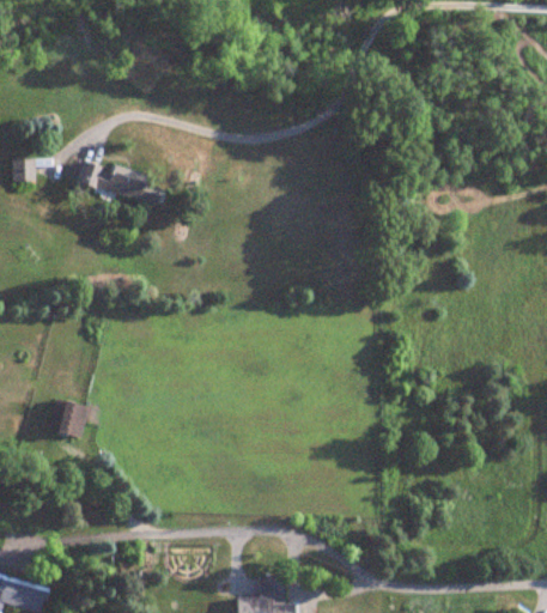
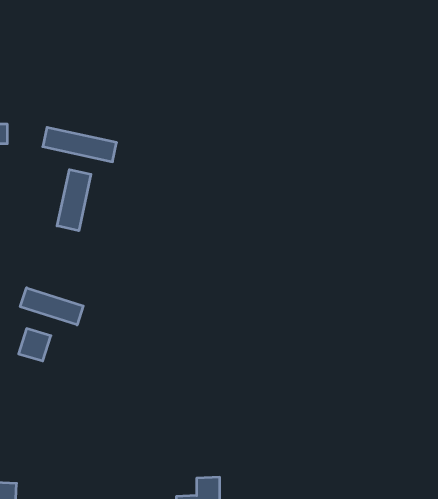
building: none -> [57,170,91,231]
building: none -> [20,288,83,325]

